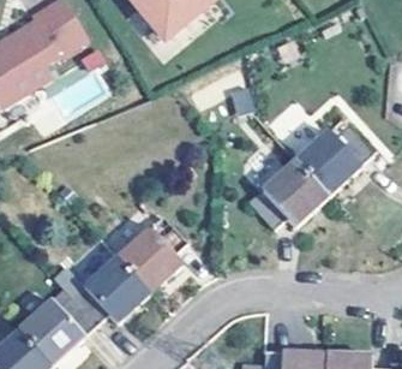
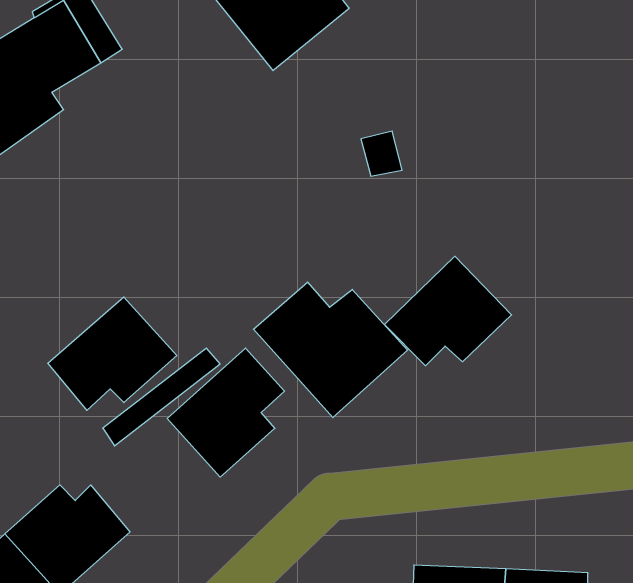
building: [289,125,368,196] -> none
building: none -> [253,282,408,418]
building: [66,260,145,329] -> [48,297,177,410]

